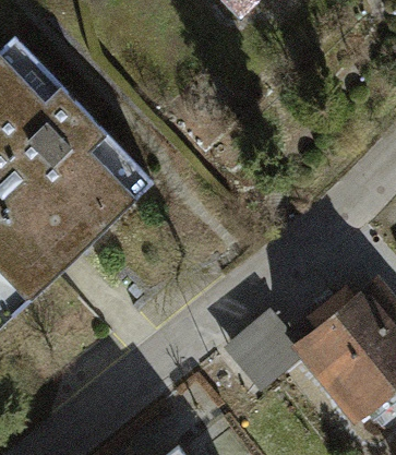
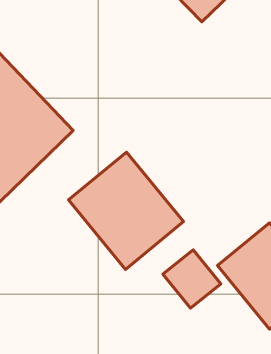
building: none -> [69,152,183,269]

